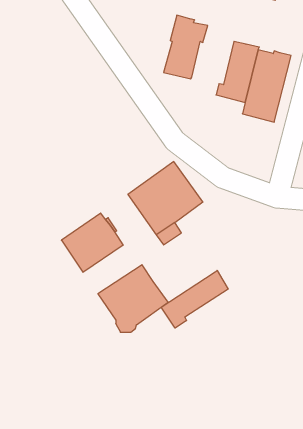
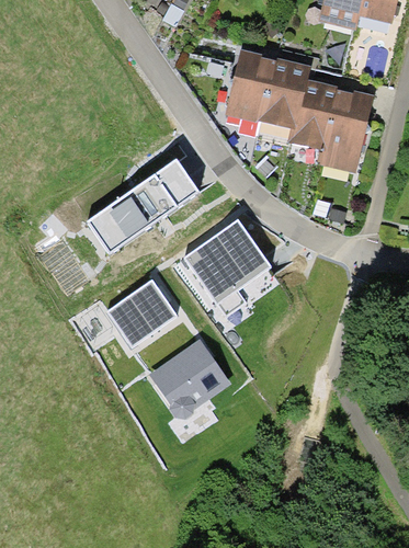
building: none -> [259,58,311,129]
building: none -> [87,159,200,254]
building: [161,270,228,328] -> none

